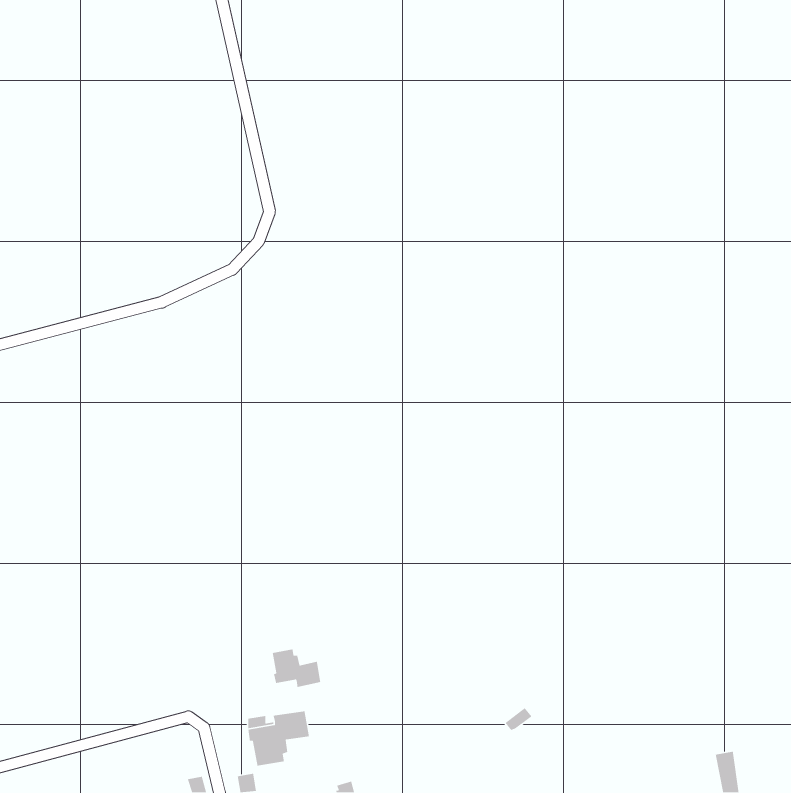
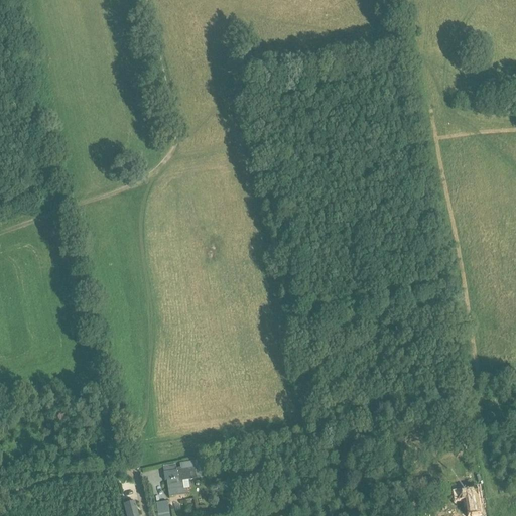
building: [272,648,321,688] -> none

